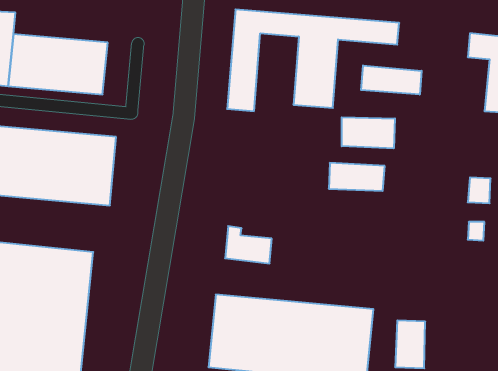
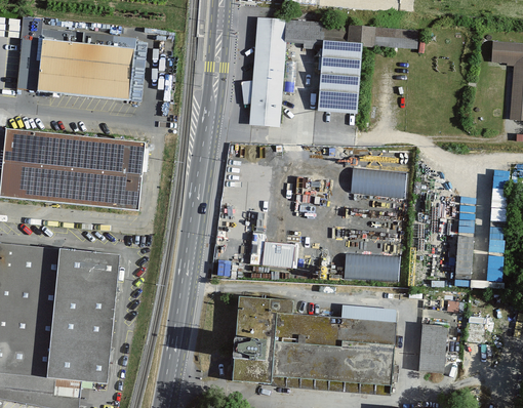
building: [361,65,422,95] -> none
building: [342,117,395,148] -> none
building: none -> [345,253,399,279]

